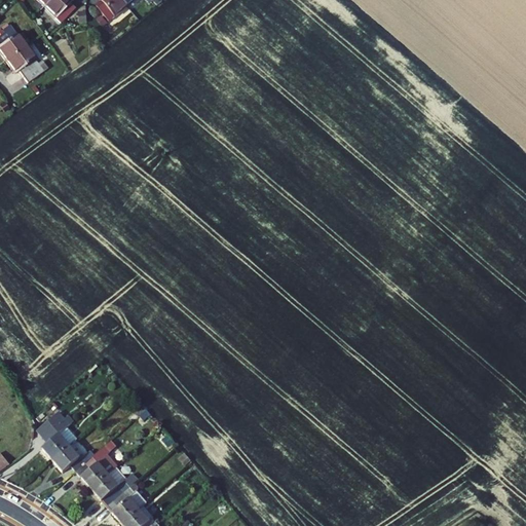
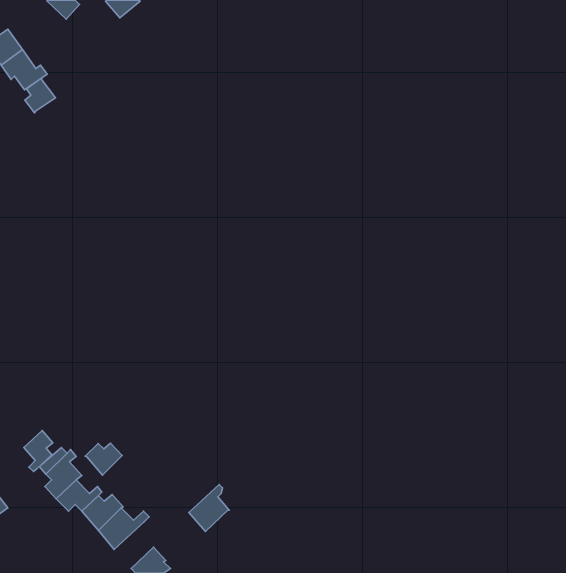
building: none -> [25,78,56,113]
building: none -> [24,431,53,472]
building: none -> [85,443,122,475]
building: [105,478,142,521] -> [189,485,229,532]

